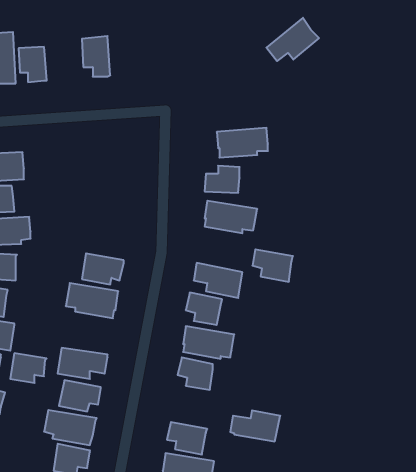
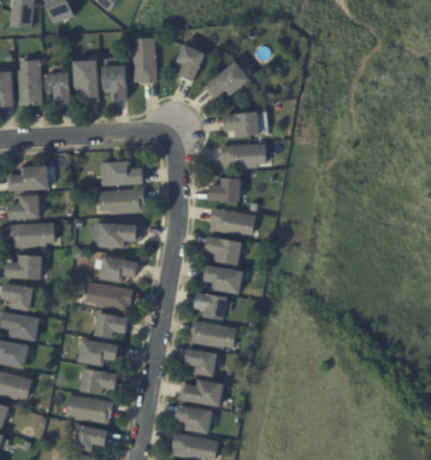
building: none -> [129,34,154,79]
building: none -> [176,42,206,79]
building: [266,18,319,61] -> [203,59,250,98]
building: none -> [71,58,96,100]
building: none -> [224,110,261,136]
building: none -> [108,159,143,184]
building: none -> [99,188,144,213]
building: none -> [91,222,142,247]
building: [252,249,293,282] -> [206,235,242,264]
building: [10,353,47,383] -> [95,312,128,338]
building: [230,410,280,441] -> [179,378,224,406]

